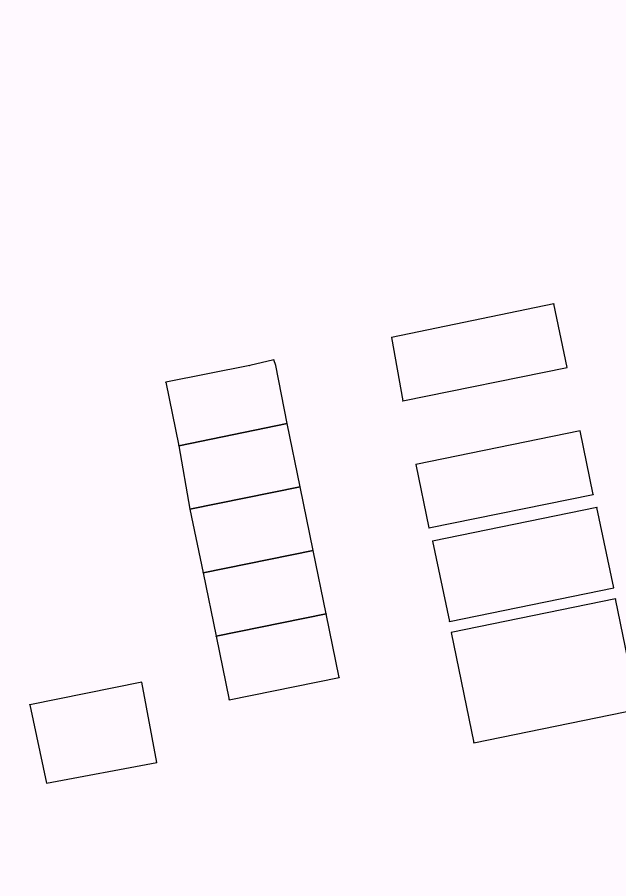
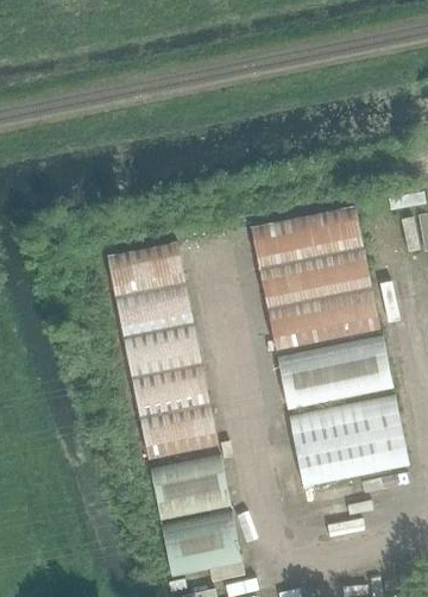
building: none -> [258,247,371,309]
building: [30,682,157,783] -> [149,455,229,520]
building: none -> [160,511,241,577]

